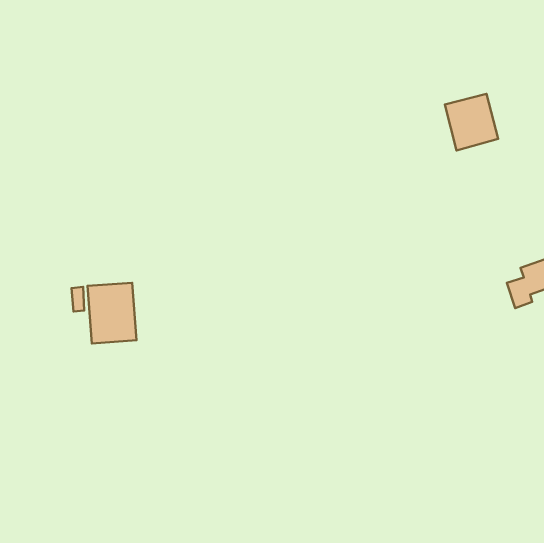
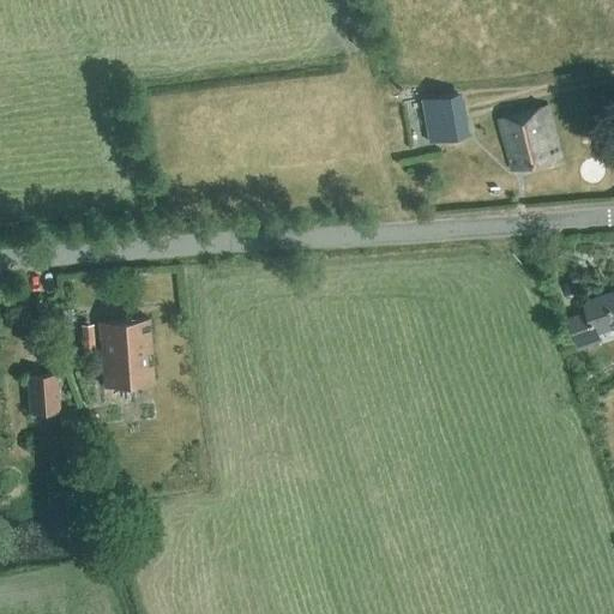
building: none -> [423,94,466,143]
building: none -> [28,375,59,416]

